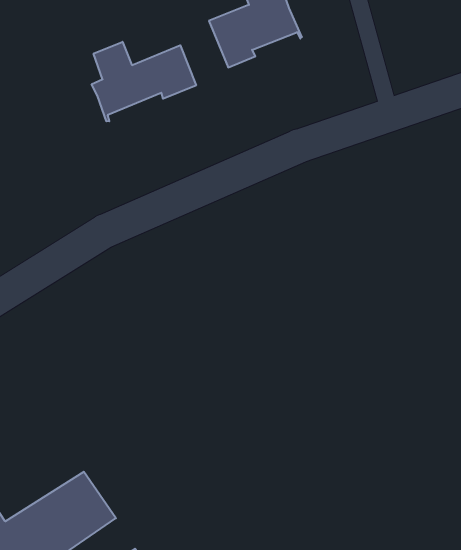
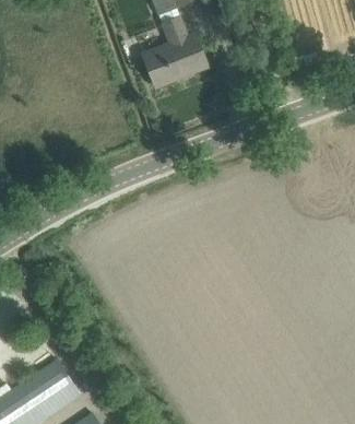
building: [92,42,196,121] -> none

